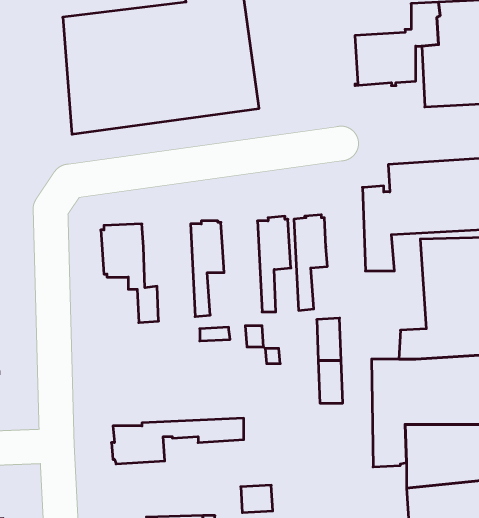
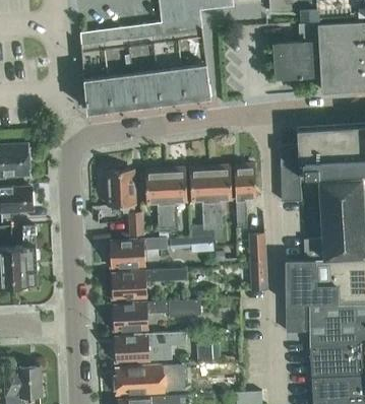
building: none -> [189,167,212,230]
building: none -> [144,170,168,232]
building: none -> [109,239,167,268]
building: none -> [111,269,187,299]
building: none -> [114,333,188,362]

